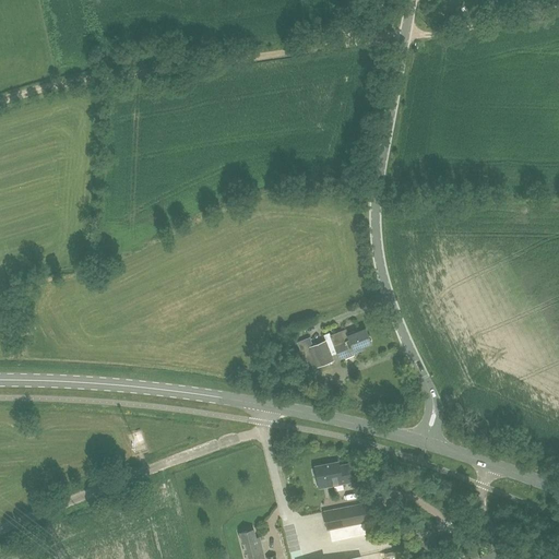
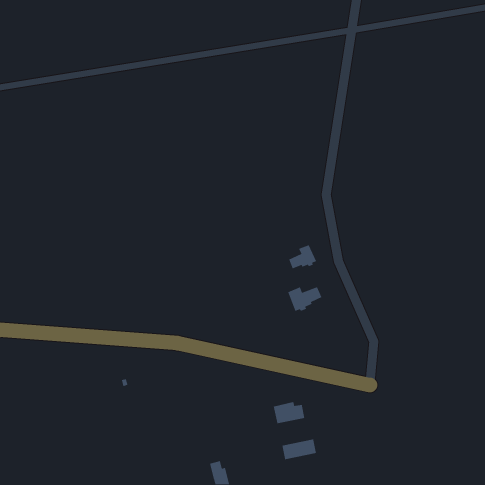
building: none -> [288,244,317,269]
building: [296,336,333,370] -> none

